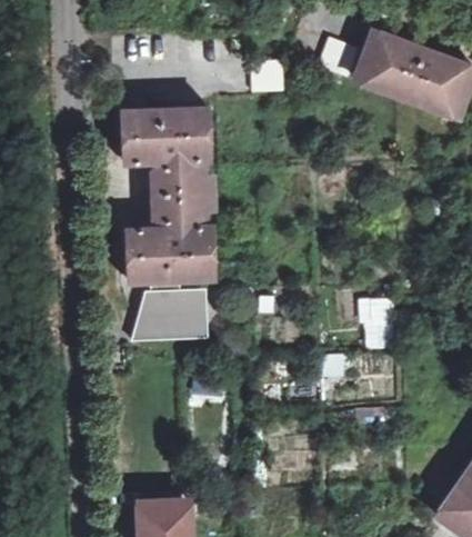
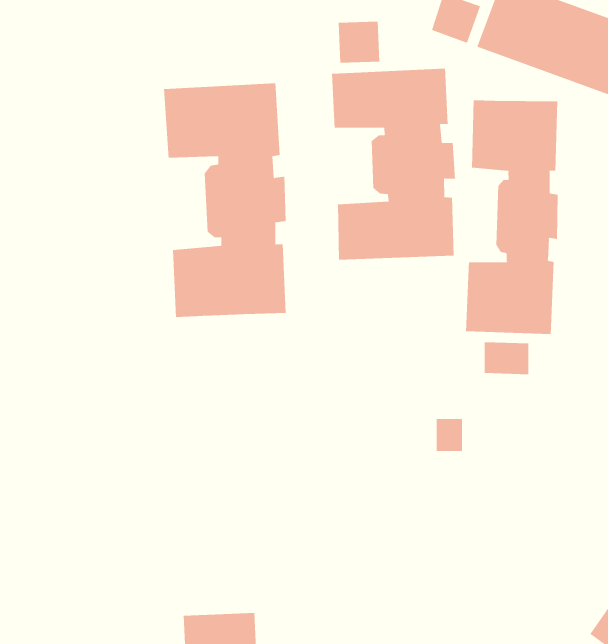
building: none -> [332,68,455,260]
building: none -> [466,99,558,335]
building: [133,279,201,335] -> none

